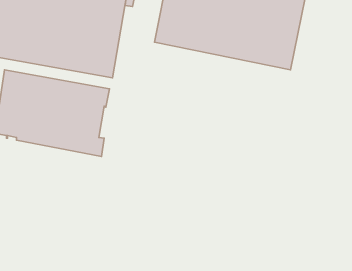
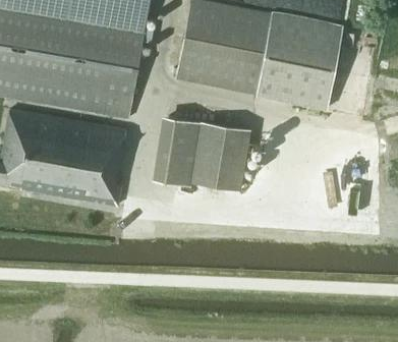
building: none -> [152,115,250,190]

